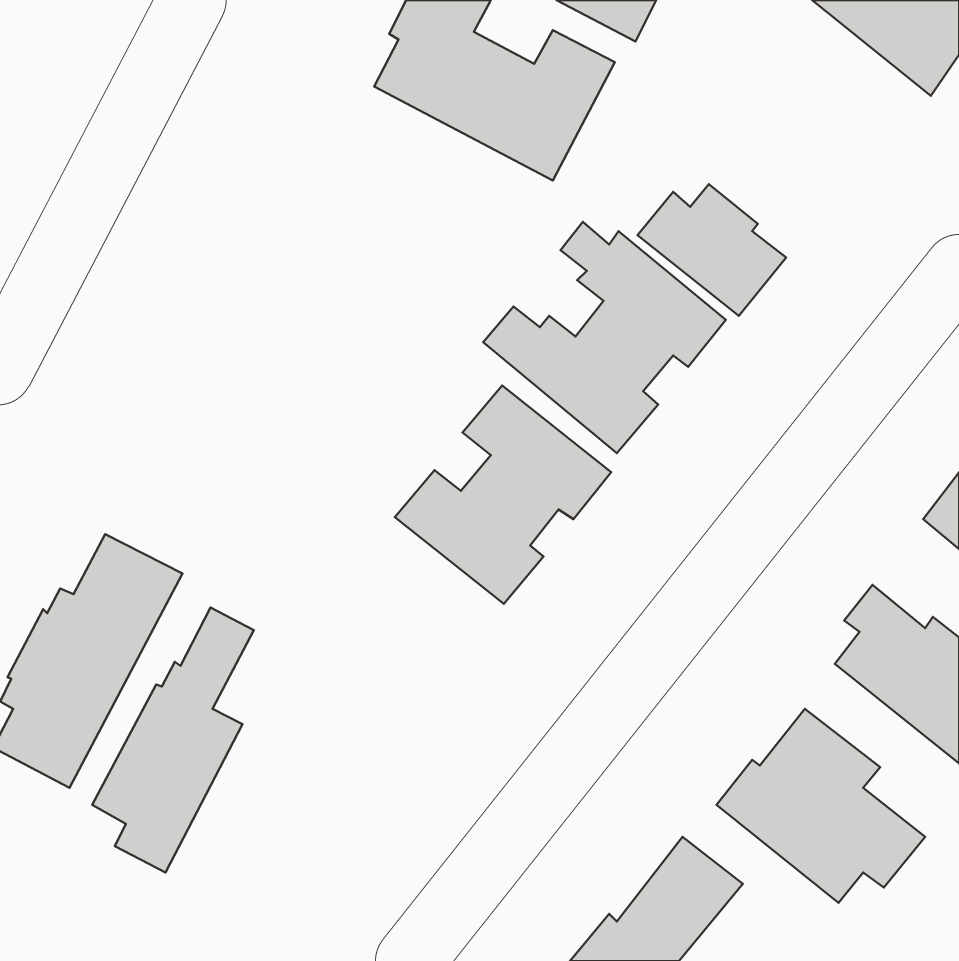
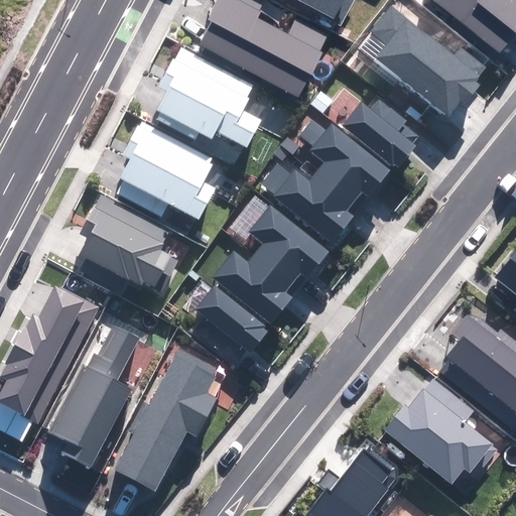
building: none -> [371,5,486,115]
building: none -> [158,48,259,147]
building: none -> [117,120,215,220]
building: none -> [80,196,175,290]
building: none -> [196,285,268,352]
building: none -> [114,348,217,489]

